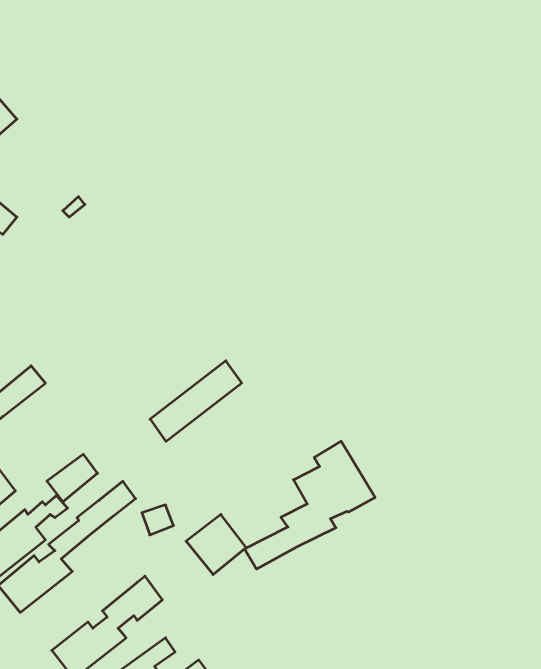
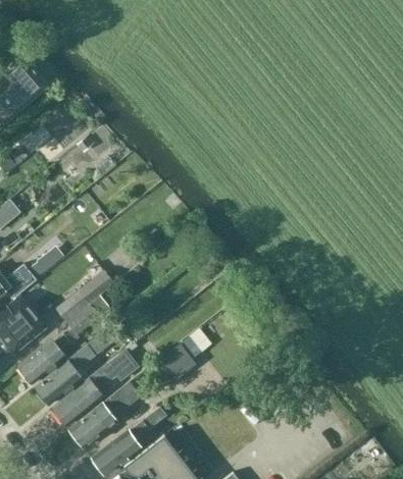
building: [150,361,242,441] -> [54,269,113,321]
building: [245,441,375,569] -> none
building: none -> [51,350,137,426]

